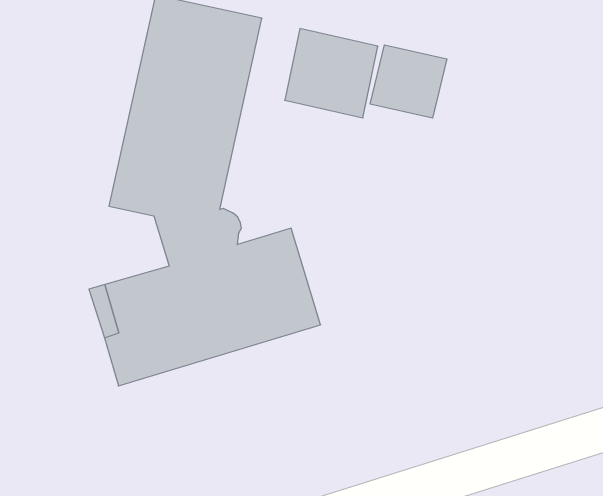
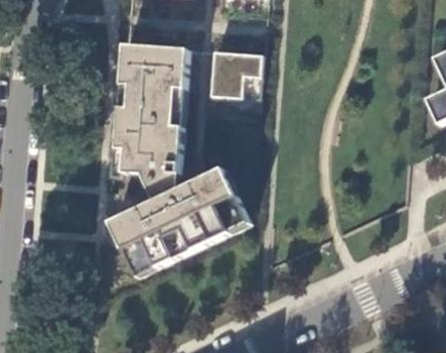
building: [370,45,447,118] -> none

